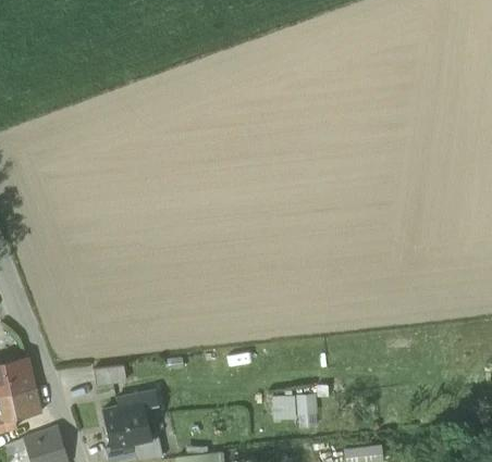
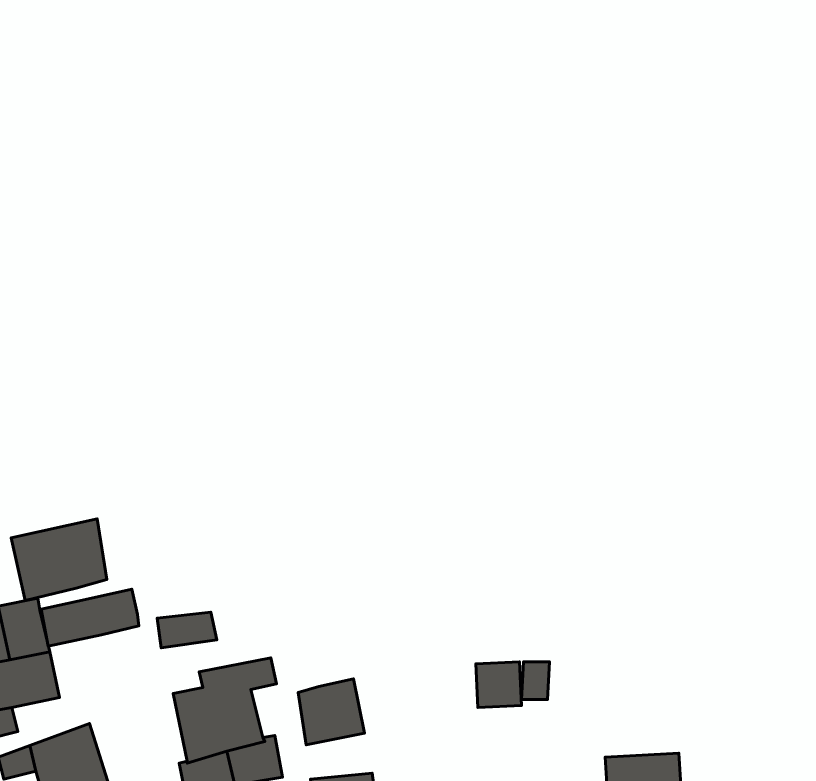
building: none -> [11,519,107,601]
building: none -> [41,589,139,646]
building: none -> [298,679,364,745]

